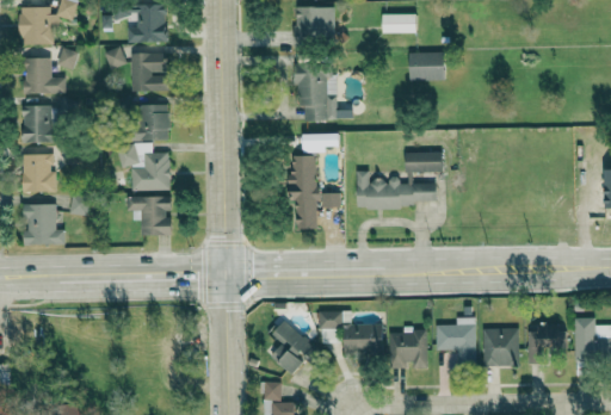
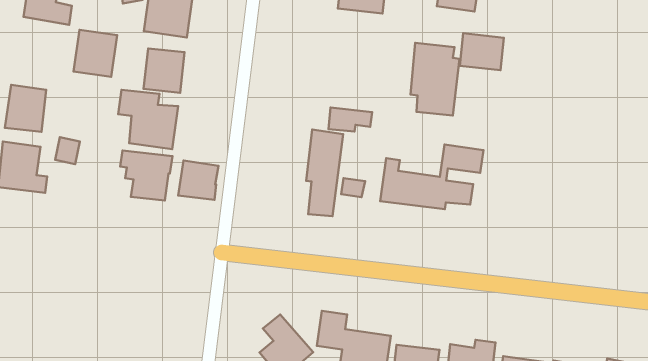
building: [295,60,337,120] -> [411,43,460,116]
building: [21,105,55,142] -> [74,30,117,77]
building: none -> [178,161,218,200]

